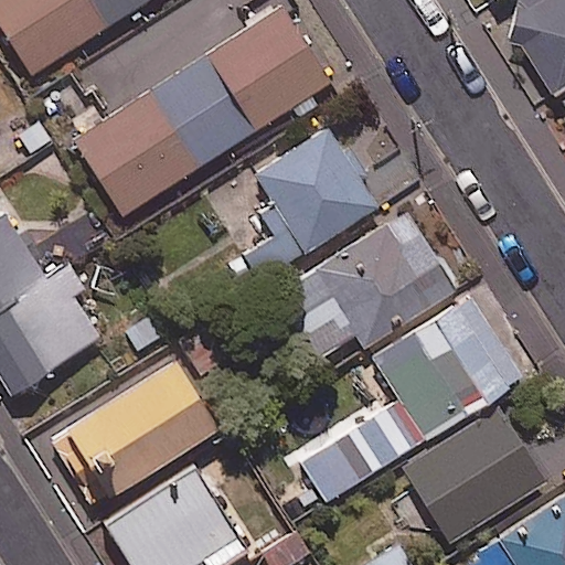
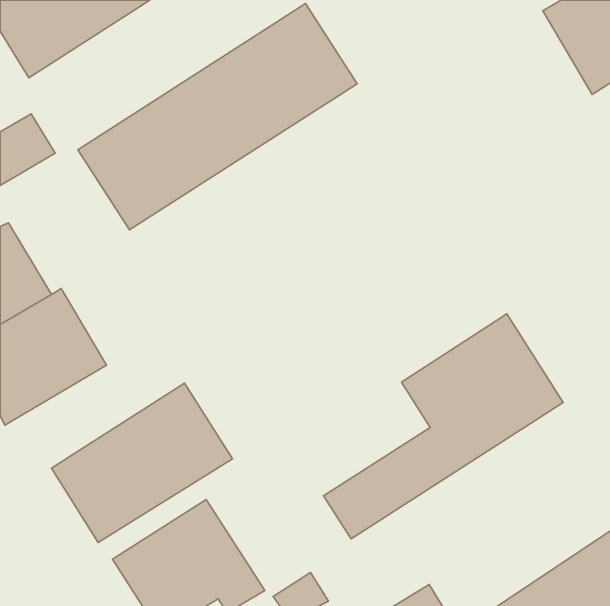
building: [236,127,377,279] -> none
building: [289,211,456,360] -> none
building: [403,408,545,542] -> none

